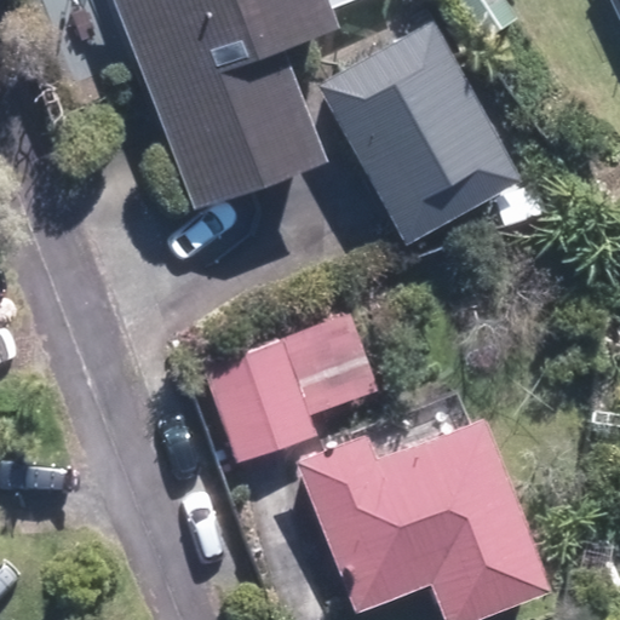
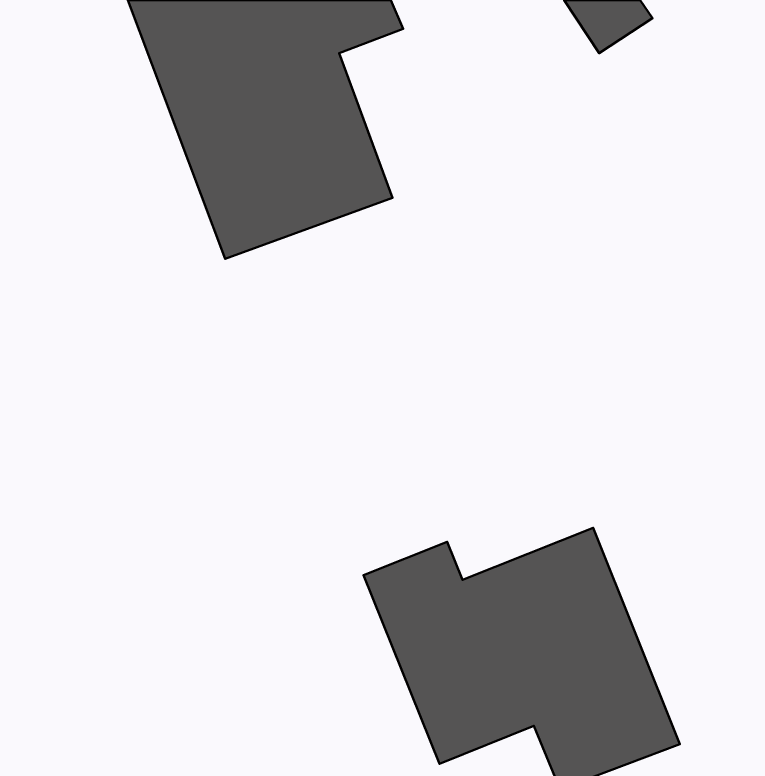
building: [315,17,528,243] -> none
building: [206,311,380,461] -> none

